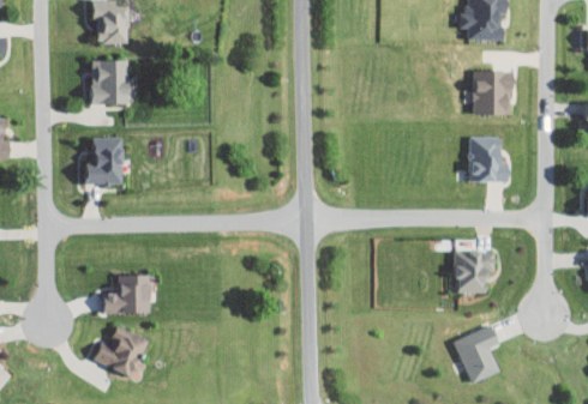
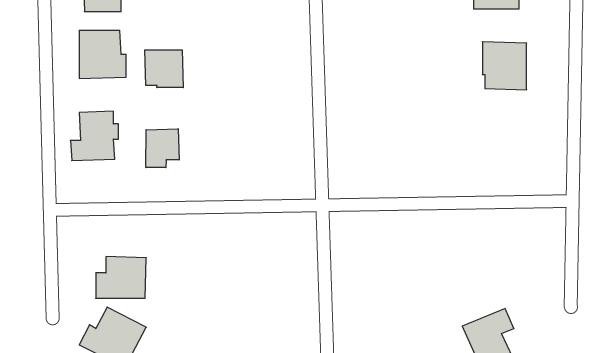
building: none -> [145,50,183,88]
building: [467,137,512,182] -> none
building: none -> [146,129,179,168]
building: [452,251,492,293] -> none

